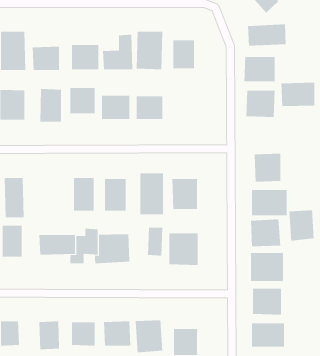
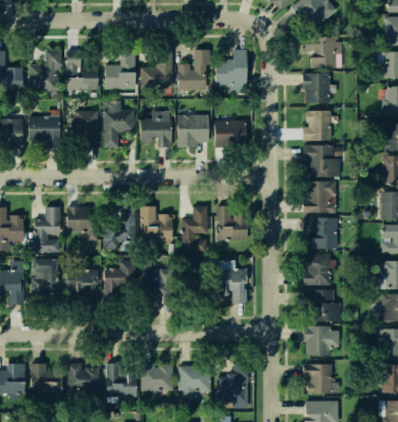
building: [280,82,315,107] -> [301,149,339,175]
building: none -> [216,120,248,145]
building: none -> [66,203,93,234]
building: [289,209,314,241] -> none

